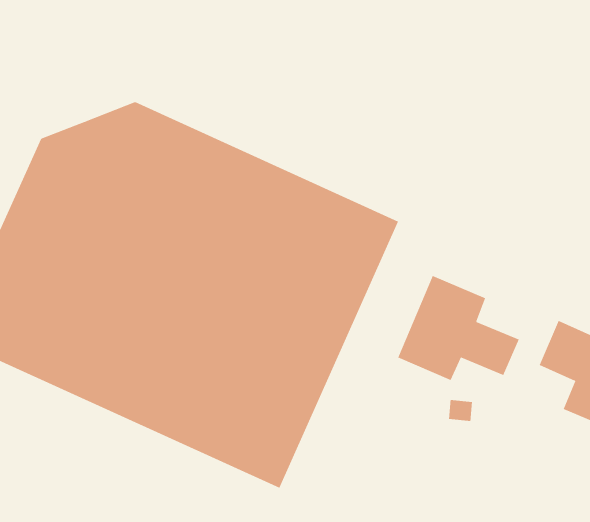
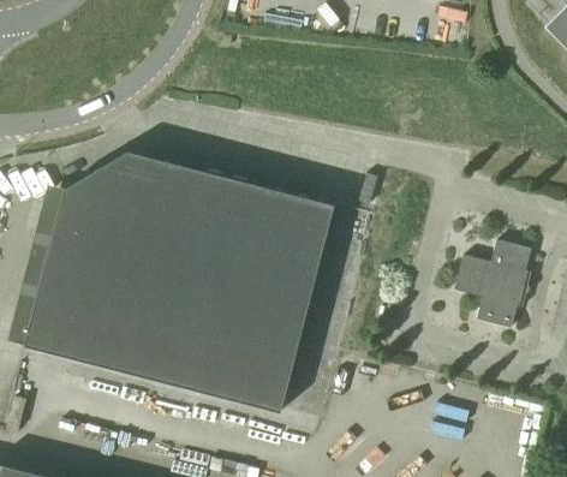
building: [398,275,519,381] -> none

